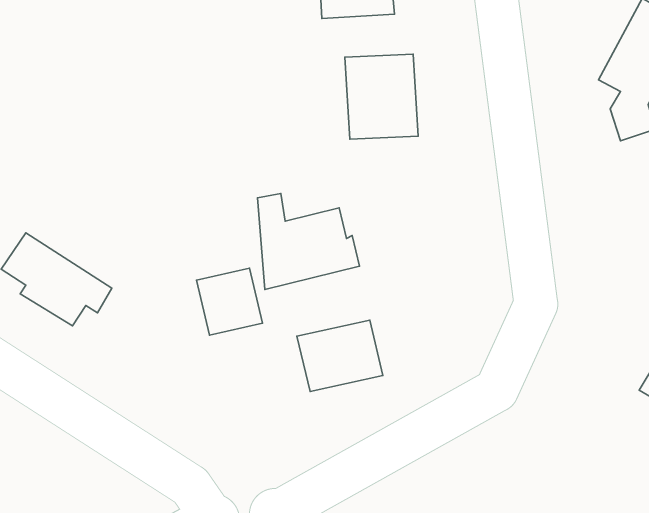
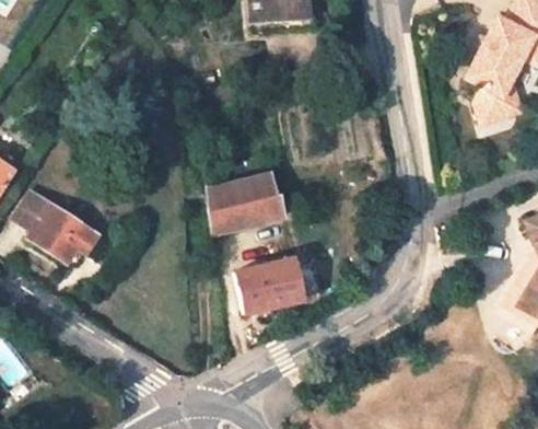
building: [345,54,418,139] -> none
building: [196,268,263,335] -> none

